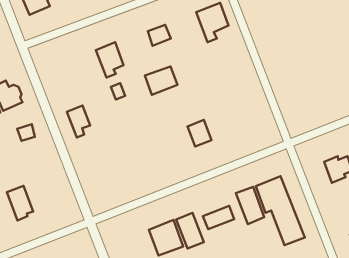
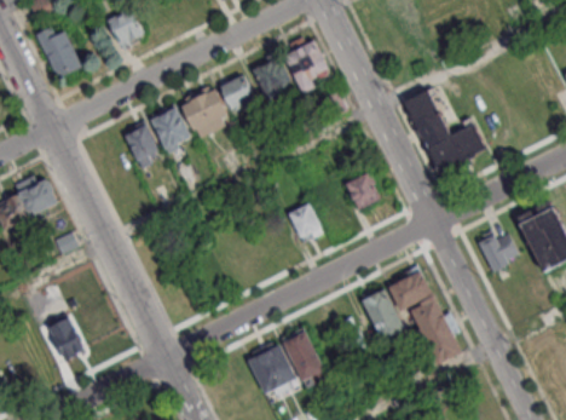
building: none -> [253,59,291,93]
building: none -> [405,90,485,171]
building: [145,67,177,95] -> [181,90,227,131]
building: none -> [346,172,380,209]
building: [67,105,90,137] -> [125,123,158,168]
building: [203,206,234,229] -> none

